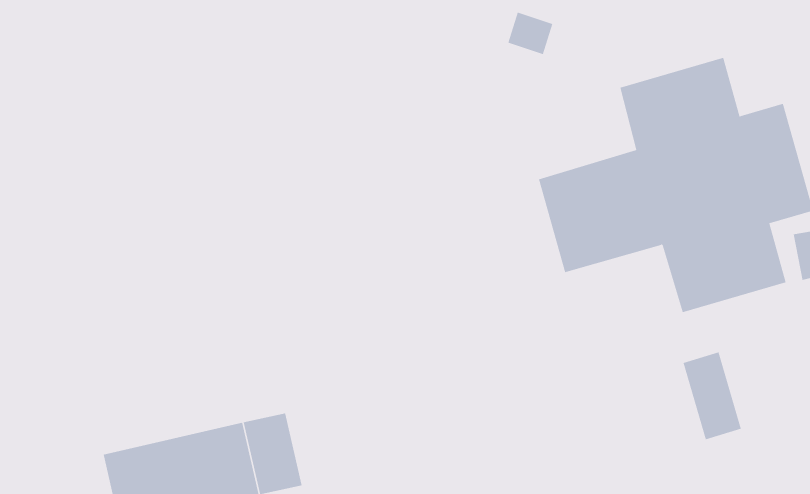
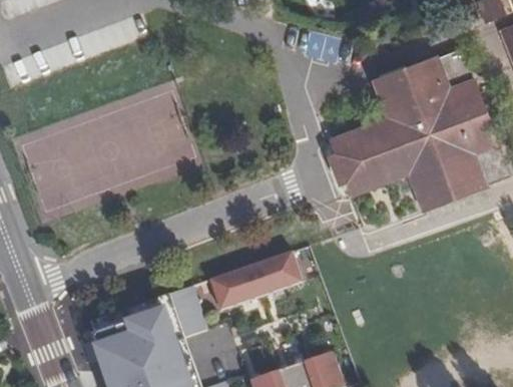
building: [683,351,742,440] -> none
building: none -> [208,253,302,312]

